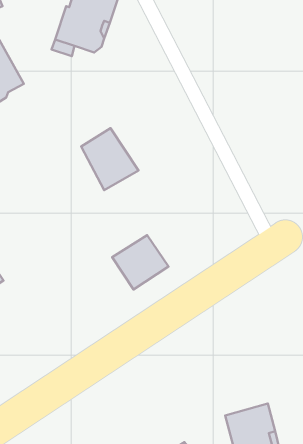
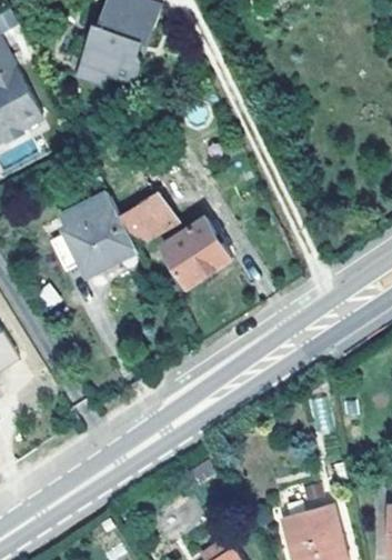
building: none -> [61,191,138,271]
building: [112,235,169,290] -> [164,219,232,284]

